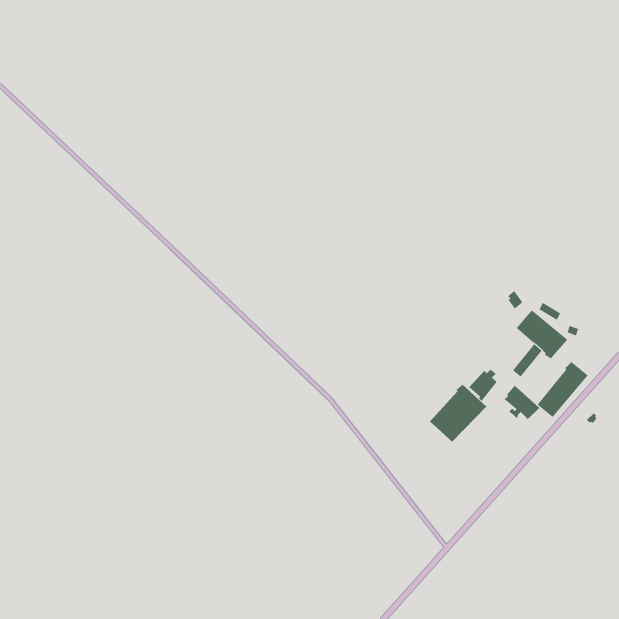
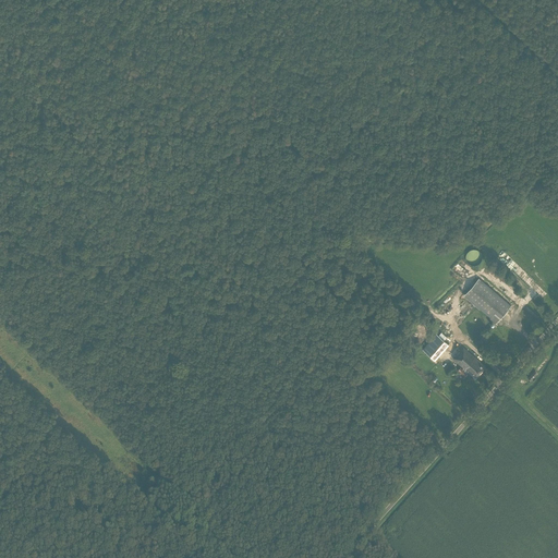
building: [537,361,589,418] -> none
building: [429,384,487,443] -> none

